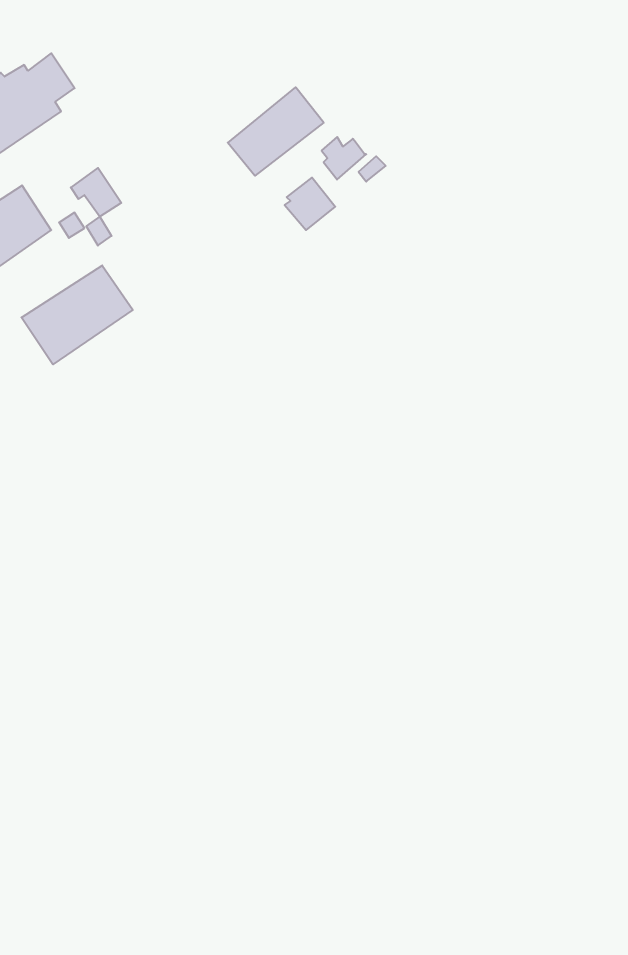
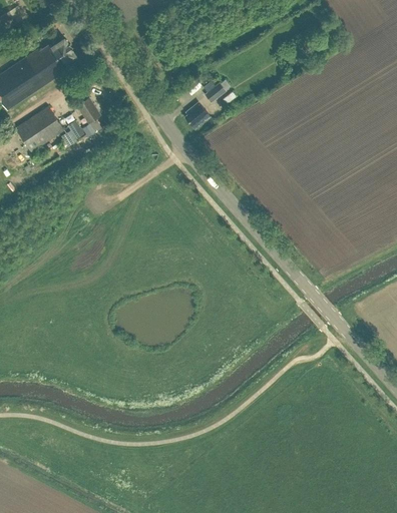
building: [228,87,324,176] -> none
building: [21,265,133,364] -> none

